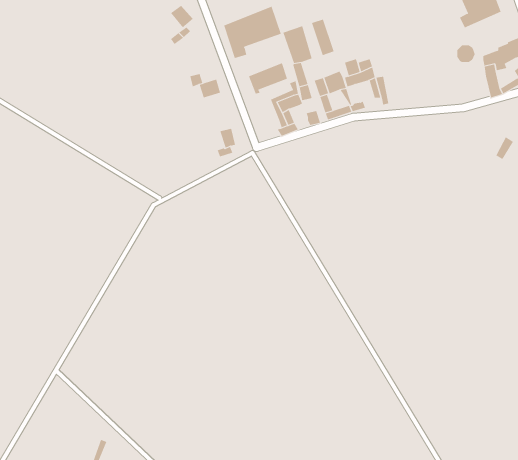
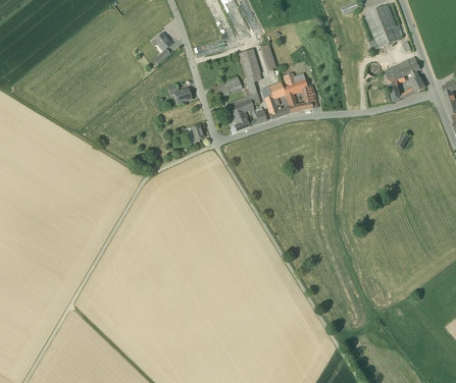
building: [224,6,282,59] -> none

